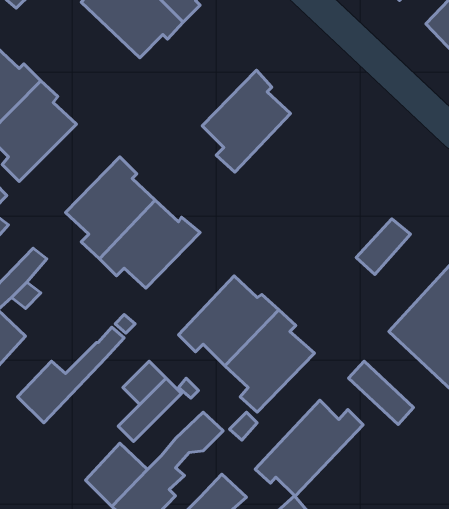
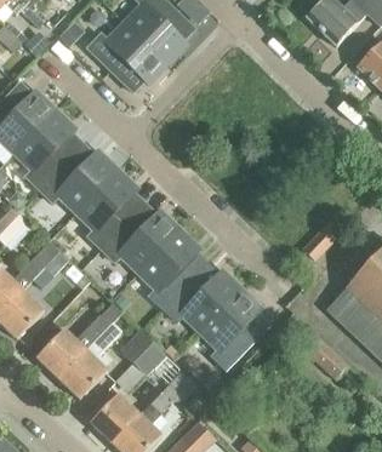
building: [202,70,290,172] -> [137,228,206,308]
building: none -> [38,143,116,212]
building: none -> [57,321,120,397]
building: [255,400,363,496] -> none

